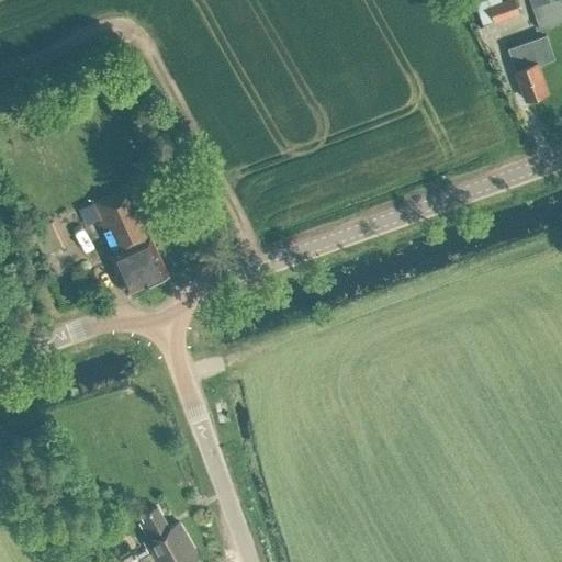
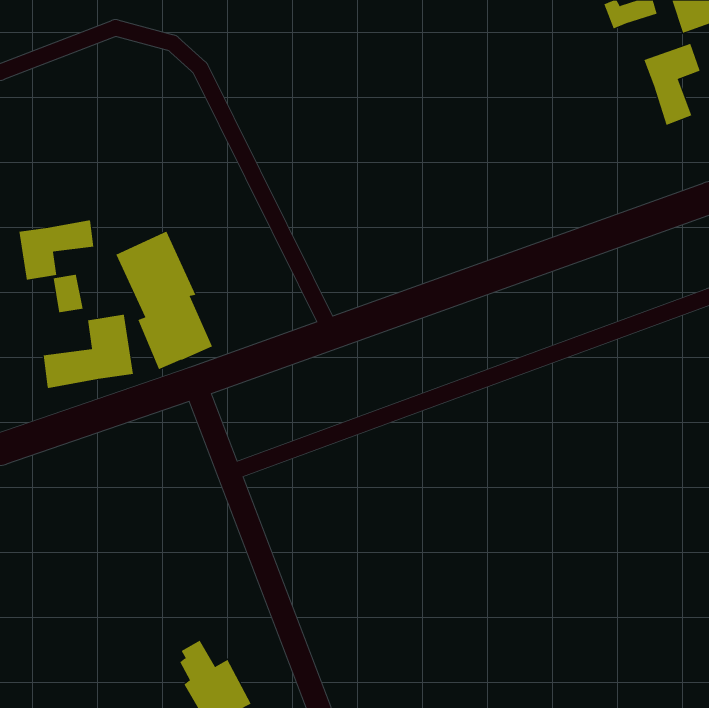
building: none -> [19,219,94,280]
building: none -> [43,314,134,389]

